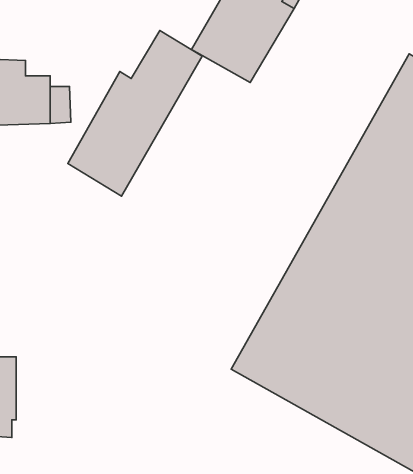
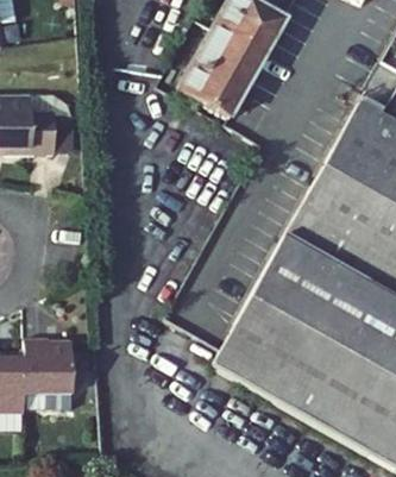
building: [68,31,202,196] -> none
building: none -> [26,337,75,393]

